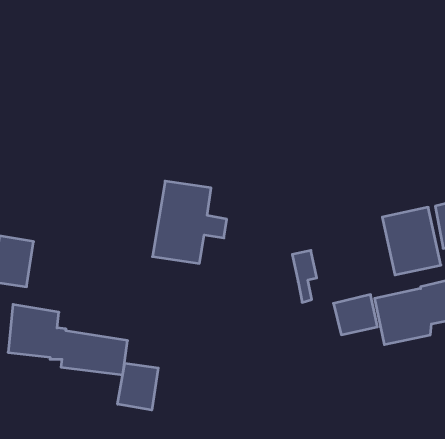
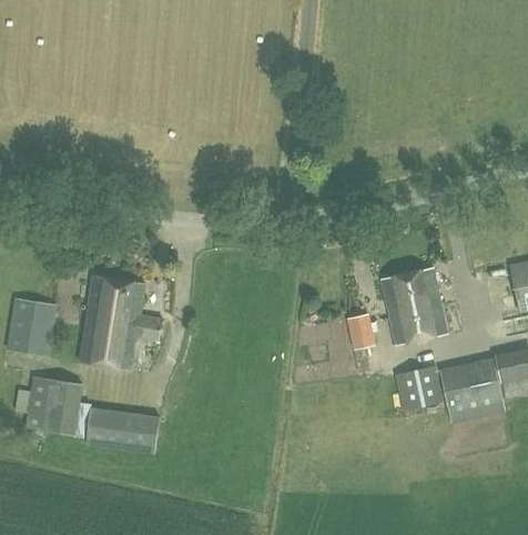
building: [152,181,227,263] -> [78,275,162,369]
building: [382,207,441,275] -> [380,268,447,344]
building: [118,363,158,410] -> none

